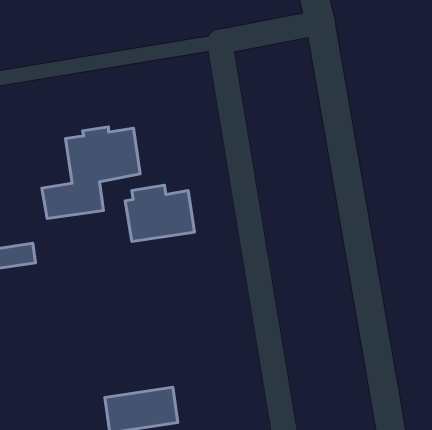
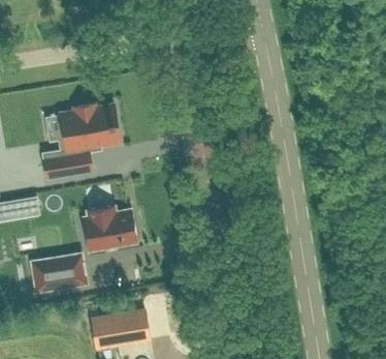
building: [125,185,195,241] -> [82,205,136,249]
building: none -> [31,253,85,290]

